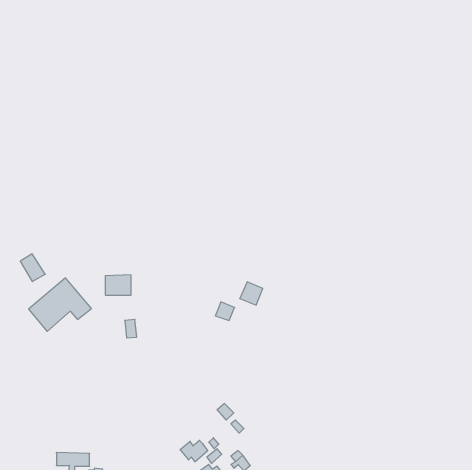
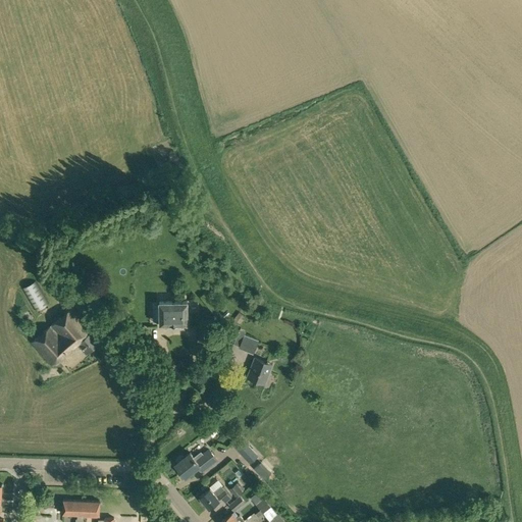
building: [105,275,131,295] -> [159,303,188,325]
building: [240,282,263,305] -> [247,360,272,385]
building: none -> [174,452,216,479]

